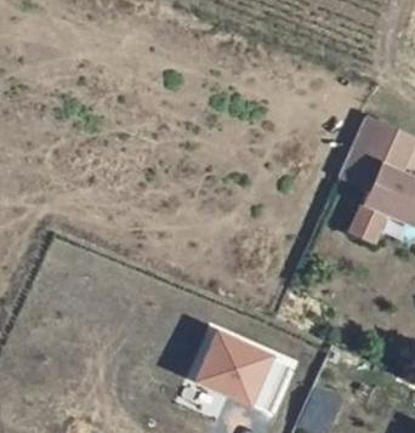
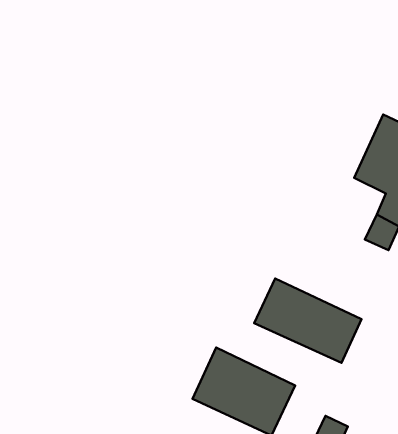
building: none -> [254,279,362,363]

